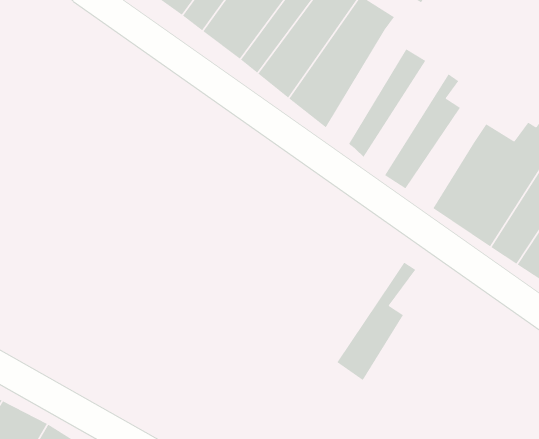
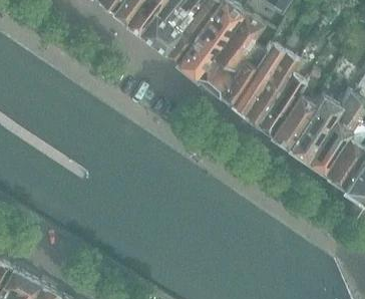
building: none -> [219,34,271,107]
building: none -> [243,54,297,127]
building: [336,262,416,381] -> [270,72,321,148]

